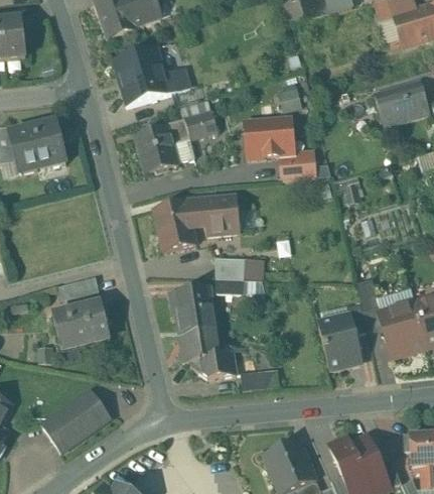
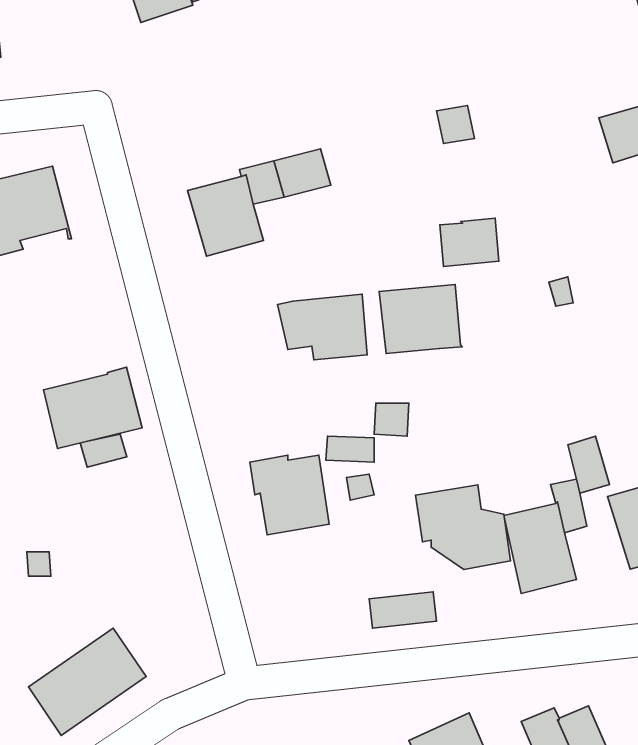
building: [120,45,189,104] -> none
building: [246,117,294,157] -> [379,284,462,354]
building: [153,200,196,250] -> none
building: [215,257,244,278] -> none
building: [52,299,110,347] -> [44,367,142,449]
building: [180,329,236,378] -> [415,485,511,570]

